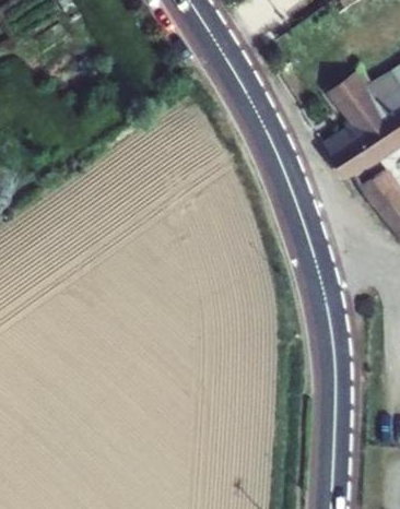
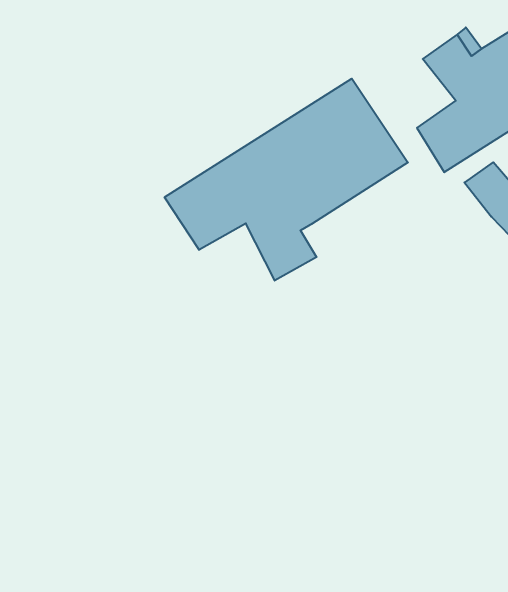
building: none -> [165,79,408,281]

